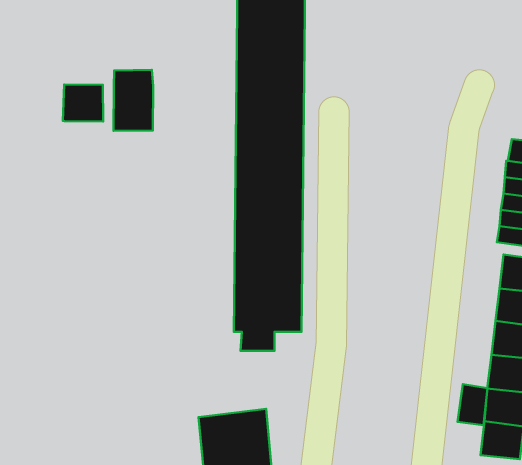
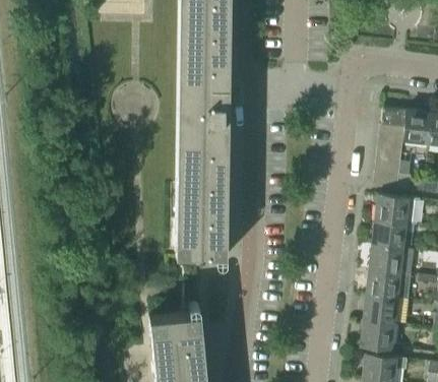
building: [113,70,153,131] -> none
building: [63,85,103,121] -> none
building: [457,384,487,425] -> none

